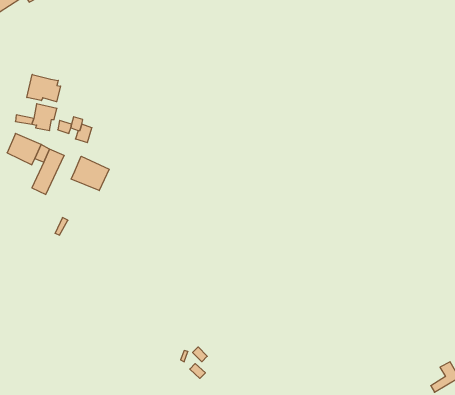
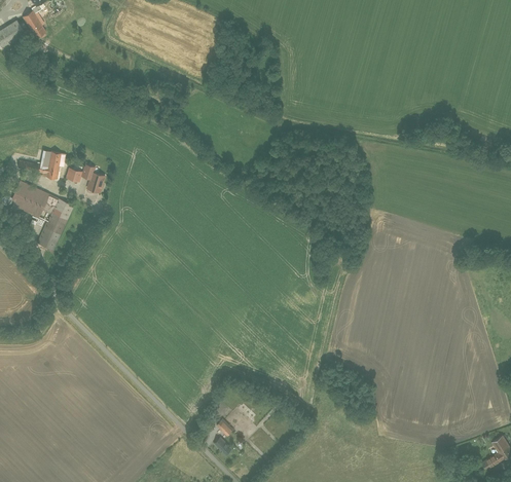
building: [27,74,61,102] -> none
building: [71,156,109,191] -> none

